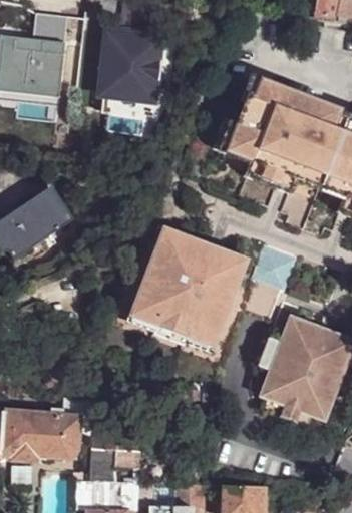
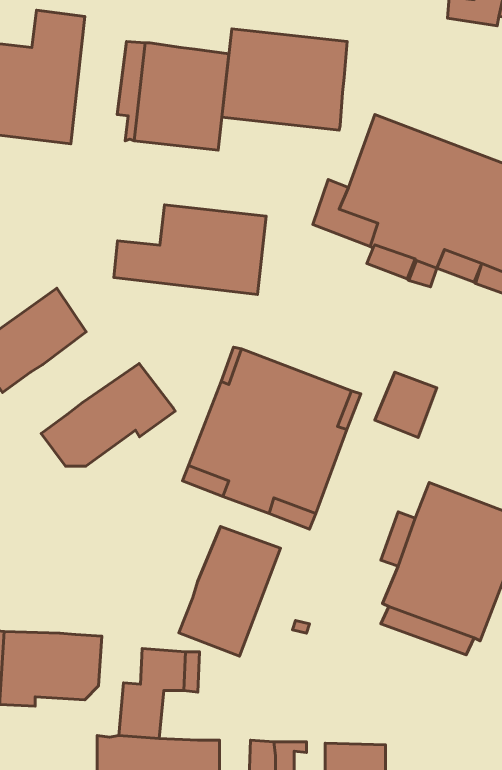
building: none -> [222,29,347,130]
building: none -> [114,205,266,295]
building: none -> [41,363,175,466]
building: none -> [179,526,280,656]

